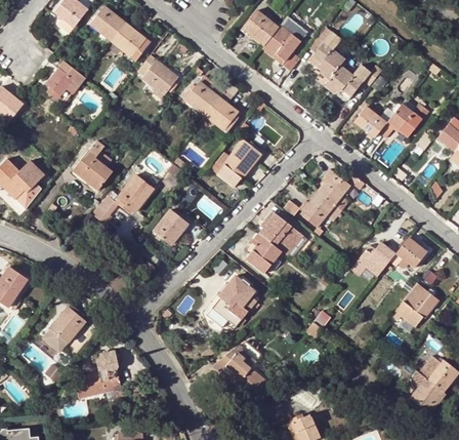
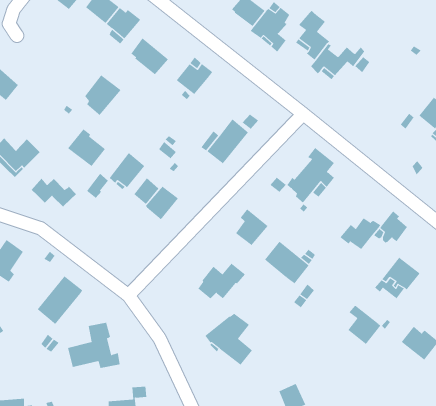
building: [47,62,86,105] -> [84,74,122,116]
building: [356,96,429,137] -> none
building: [199,97,239,132] -> none
building: none -> [134,178,159,205]
building: none -> [31,178,77,207]
building: [259,213,306,258] -> [264,241,310,284]
building: [411,371,446,412] -> [348,305,381,345]

